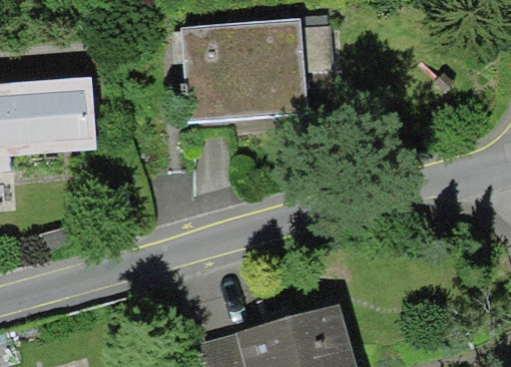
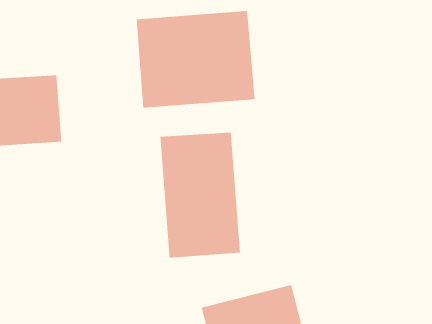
building: none -> [160,132,240,259]

